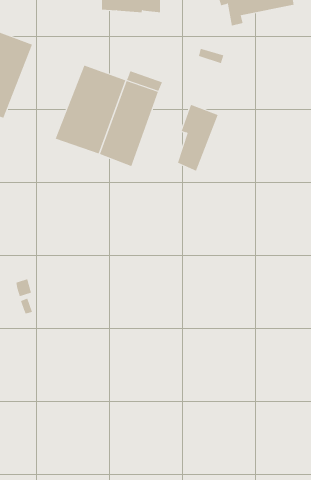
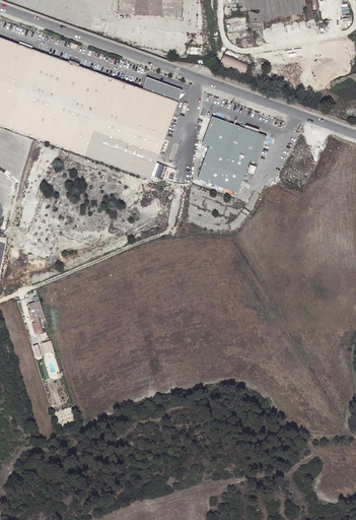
building: none -> [14,51,98,150]
building: none -> [217,125,267,191]

